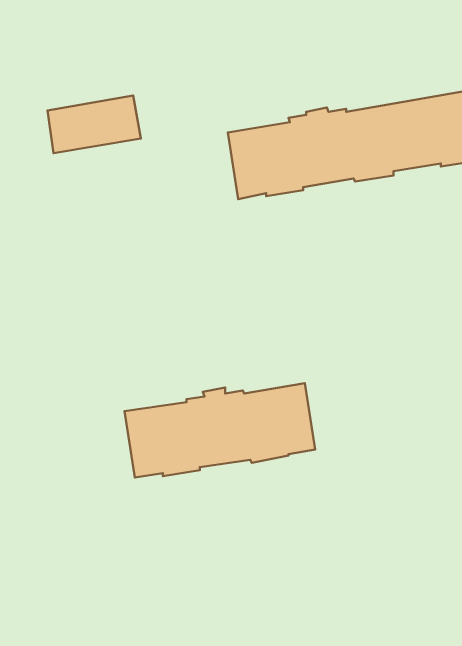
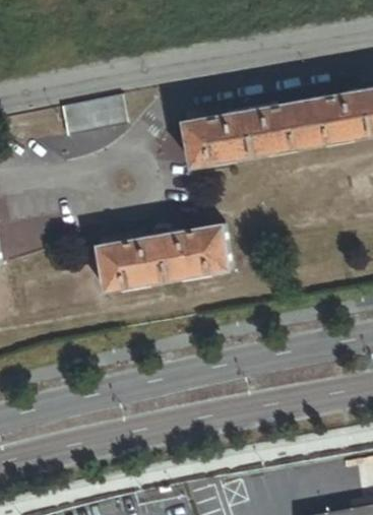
building: [125,383,315,478] -> [96,228,227,293]

